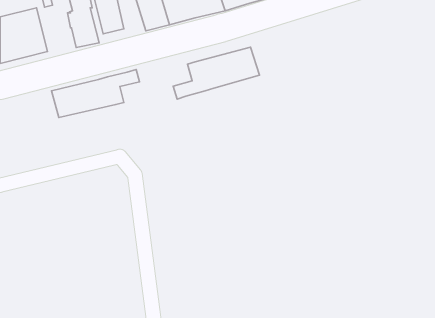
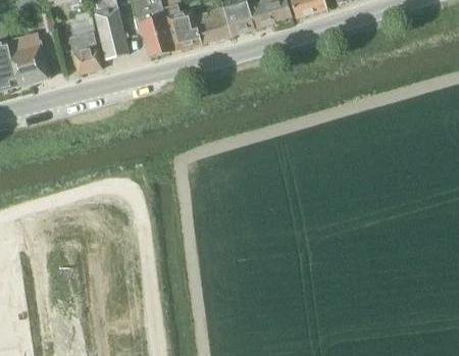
building: [173,47,260,99] -> none
building: [51,70,139,117] -> none

